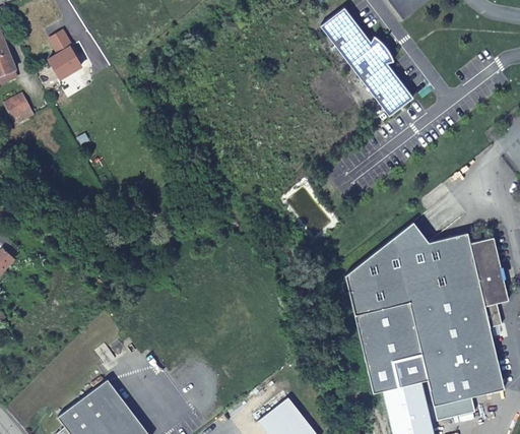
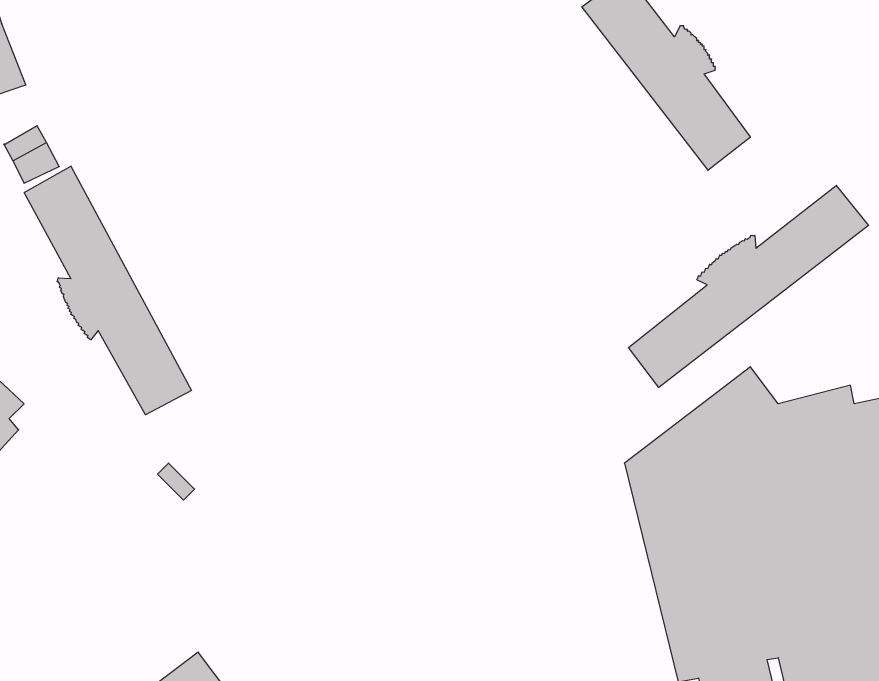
building: [46,27,81,79] -> none
building: none -> [24,166,192,415]
building: none -> [629,185,868,387]

